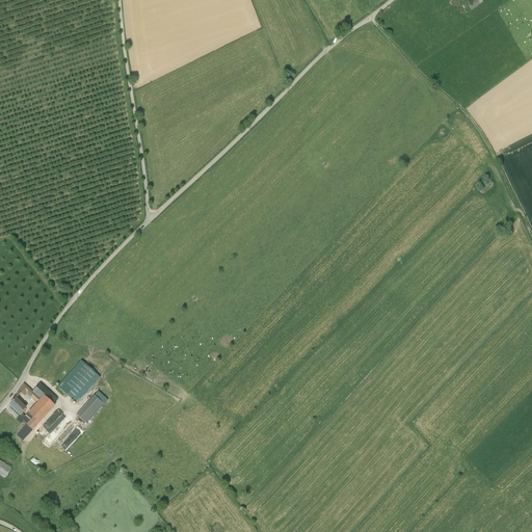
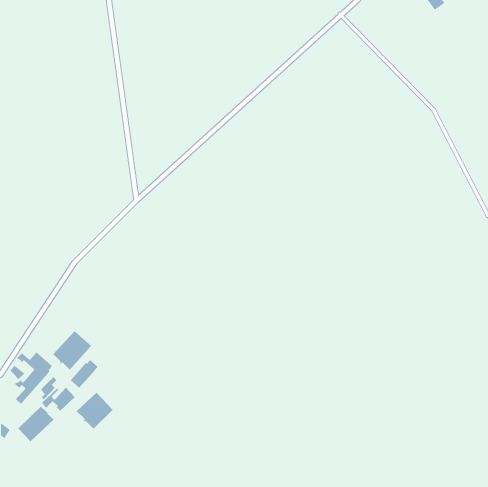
building: none -> [76,392,113,429]
building: none -> [18,406,54,442]

